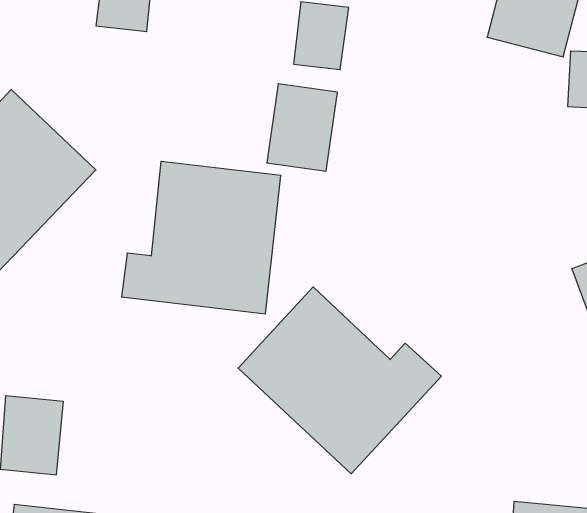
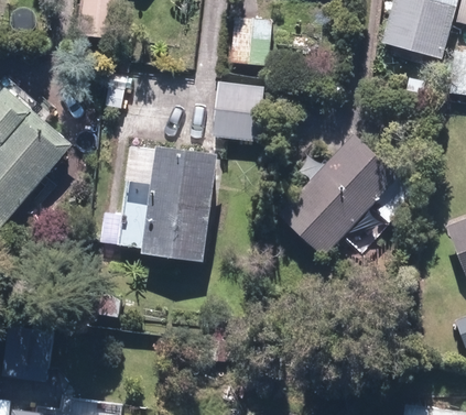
building: none -> [277,130,405,259]
building: [238,287,441,474] -> none

